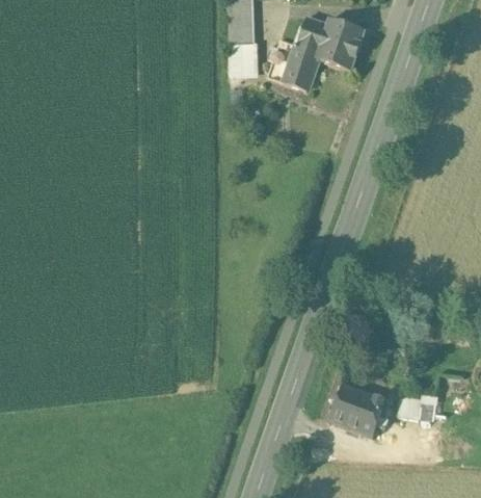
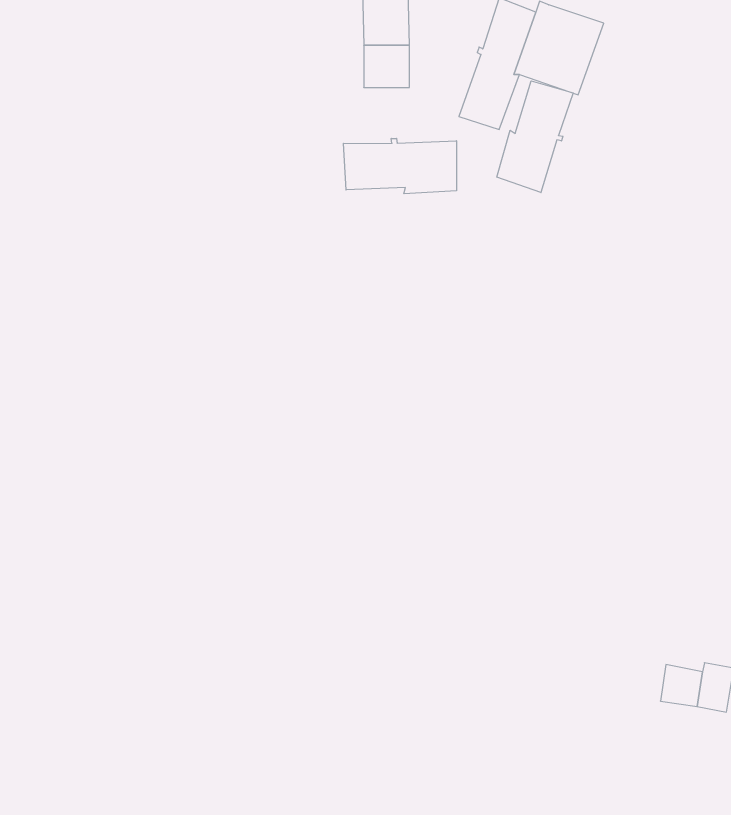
building: none -> [497,81,573,193]
building: none -> [343,138,456,194]
building: [330,383,386,437] -> none

